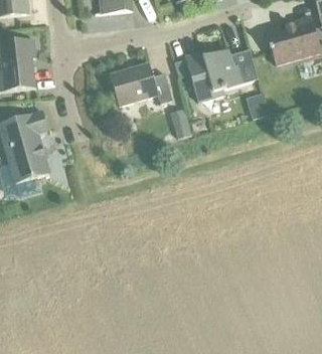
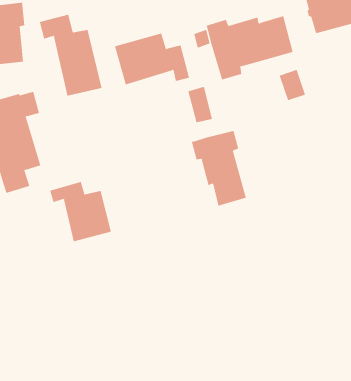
building: none -> [39,14,102,96]
building: none -> [191,130,246,206]
building: none -> [49,181,112,242]

